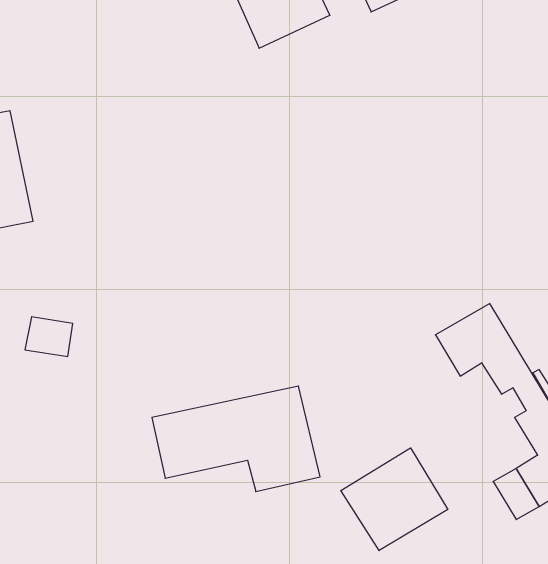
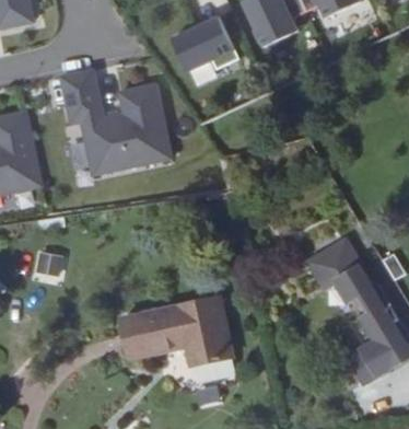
building: none -> [59,70,168,175]
building: [341,448,448,551] -> none

